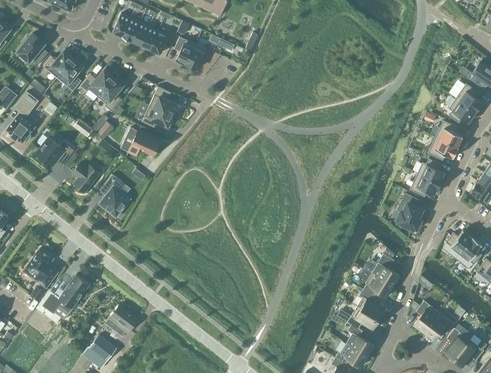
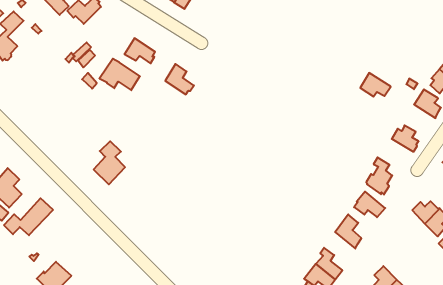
building: [98,77,124,111] -> none
building: [150,86,179,115] -> [165,64,194,94]
building: [428,136,458,159] -> [360,73,391,97]
building: [36,137,74,165] -> none
building: [72,162,100,192] -> none
building: [410,173,440,196] -> none
building: [99,174,130,217] -> [94,141,125,184]
building: [363,272,394,296] -> [354,192,385,217]
building: [105,304,138,335] -> none

